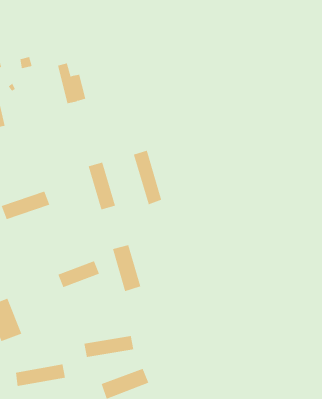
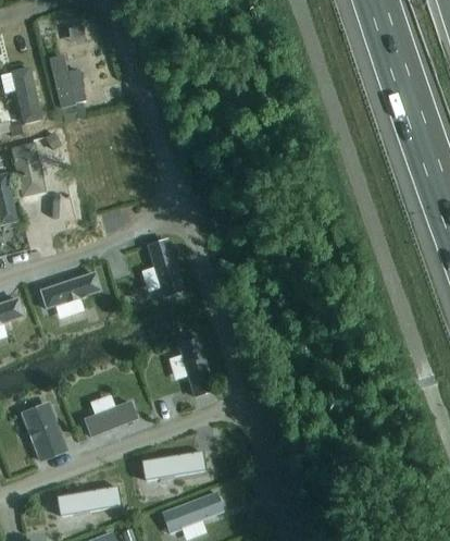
building: [57,63,86,104] -> [50,56,86,107]
building: [133,150,162,205] -> none
building: [58,261,100,288] -> [85,402,137,435]

